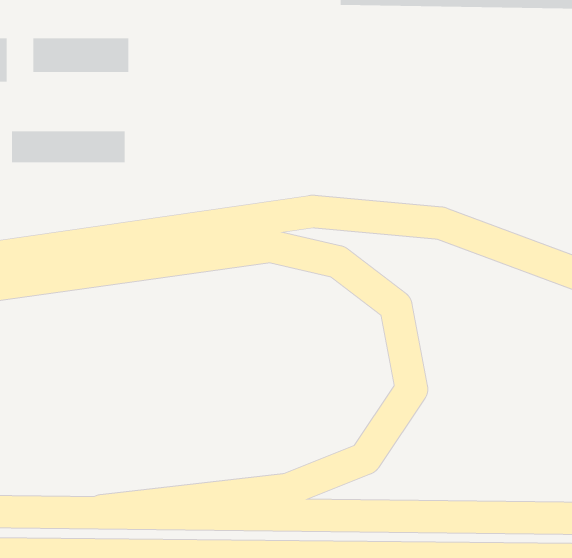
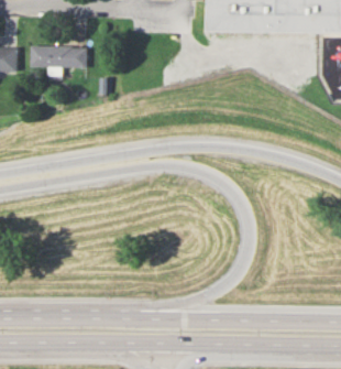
building: [11,130,125,163] -> none

